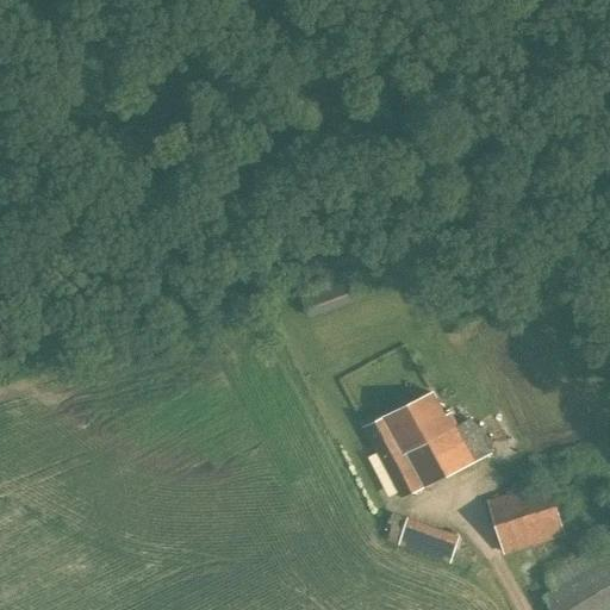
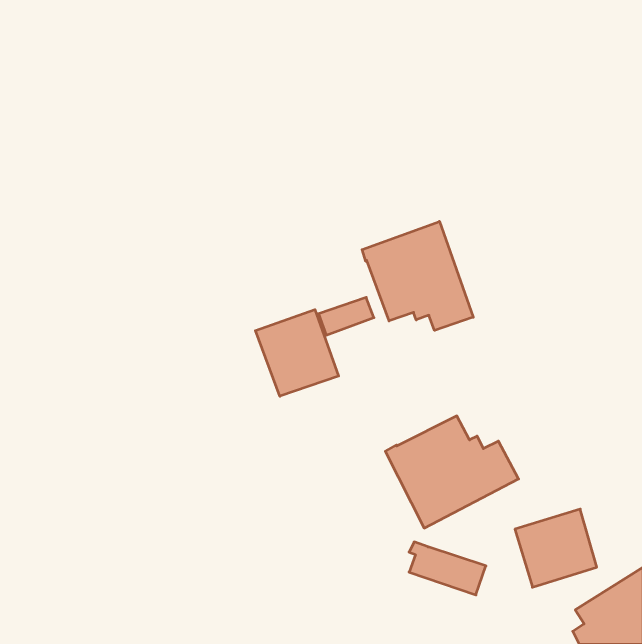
building: none -> [362,221,473,330]
building: none -> [255,310,339,396]

